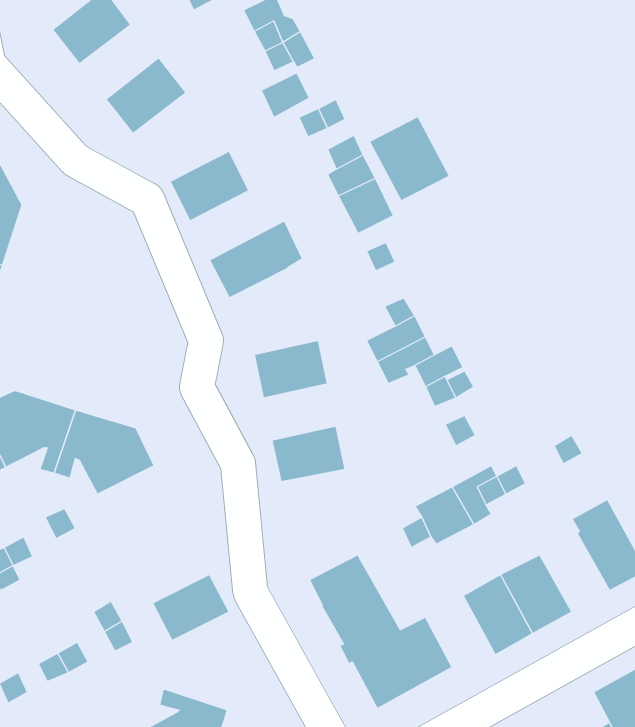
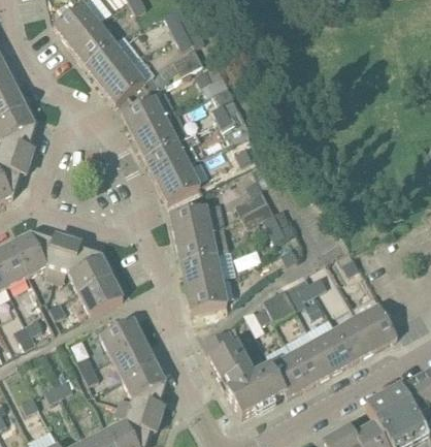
building: none -> [68,22,113,65]
building: none -> [99,61,145,104]
building: [370,117,449,201] -> none
building: none -> [132,114,187,158]
building: none -> [155,162,201,202]
building: none -> [174,227,228,262]
building: none -> [78,277,123,315]
building: none -> [185,279,228,311]
building: none -> [334,316,374,361]
building: none -> [99,318,143,356]
building: none -> [268,352,308,397]
building: none -> [117,361,165,418]

